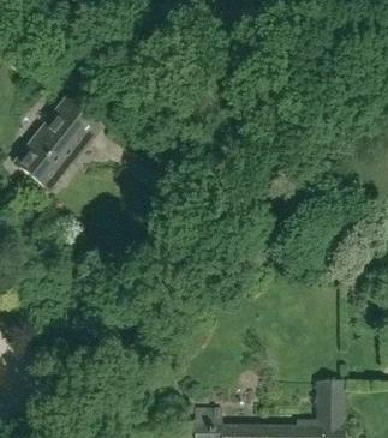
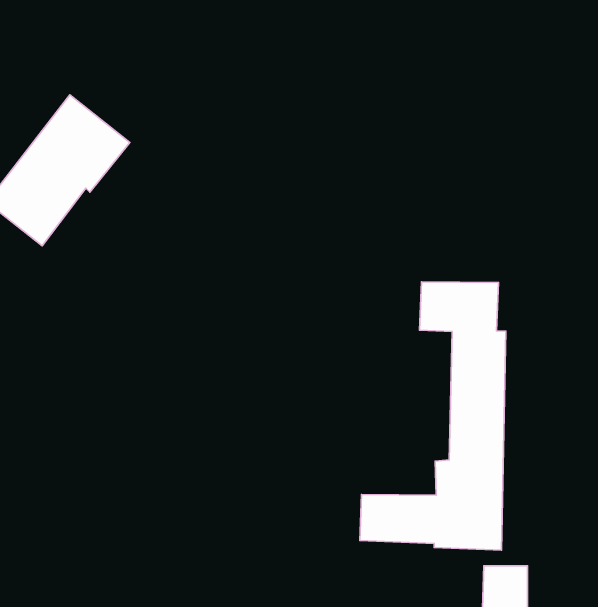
building: none -> [360,282,506,550]

